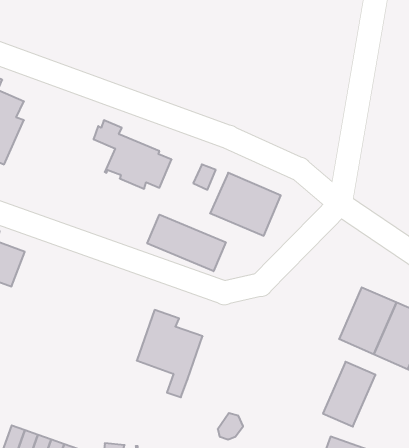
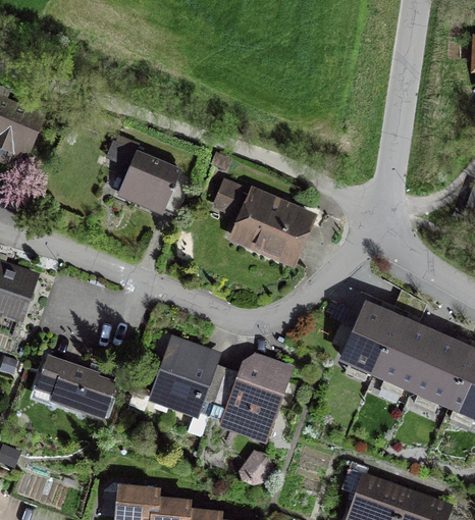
building: [147,215,226,271] -> none
building: none -> [31,354,113,417]
building: none -> [210,359,289,435]
building: [323,362,376,427] -> [341,302,399,372]

